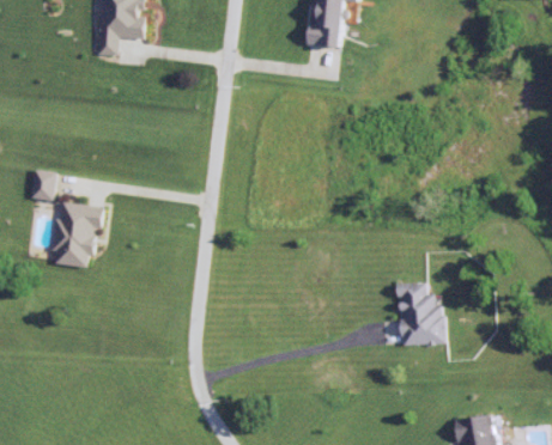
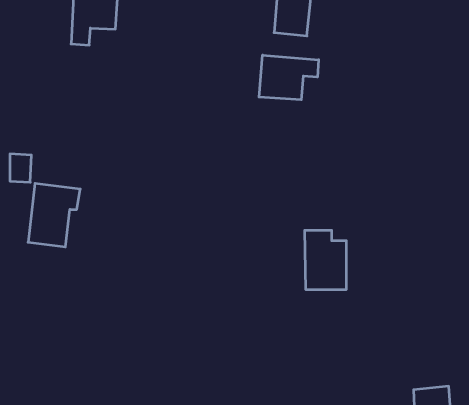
building: none -> [259,55,319,100]
building: [399,282,443,345] -> [305,230,346,289]

